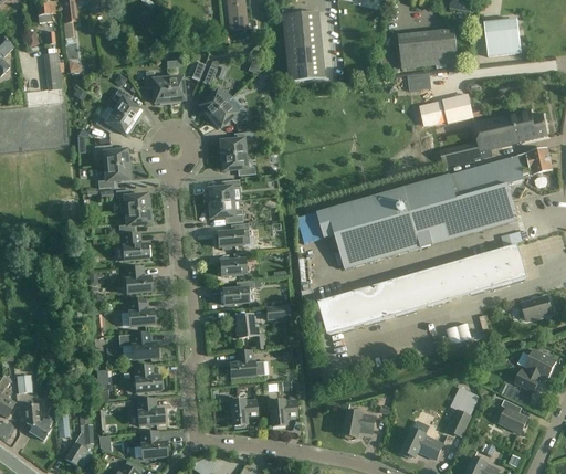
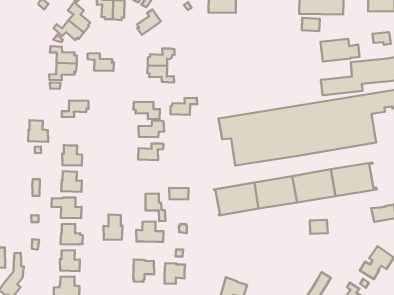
building: [208,101,248,126] -> none
building: [207,178,240,202] -> [170,98,197,115]
building: [115,188,150,210] -> [87,53,114,71]
building: [123,232,149,260] -> [28,120,48,142]
building: [222,280,254,303] -> none
building: none -> [104,215,122,240]

